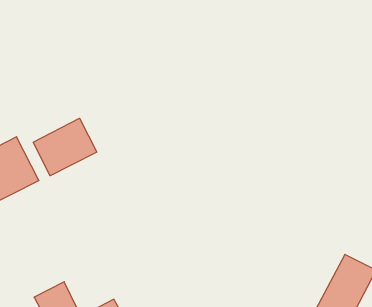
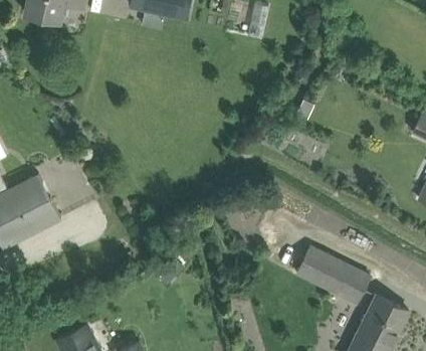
building: [33,118,97,176] -> none
building: none -> [297,246,370,303]

